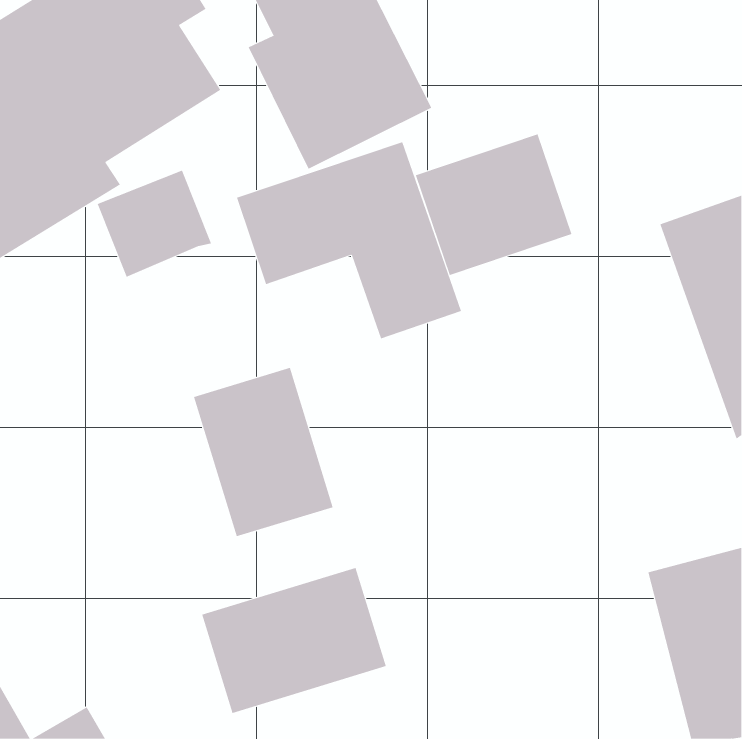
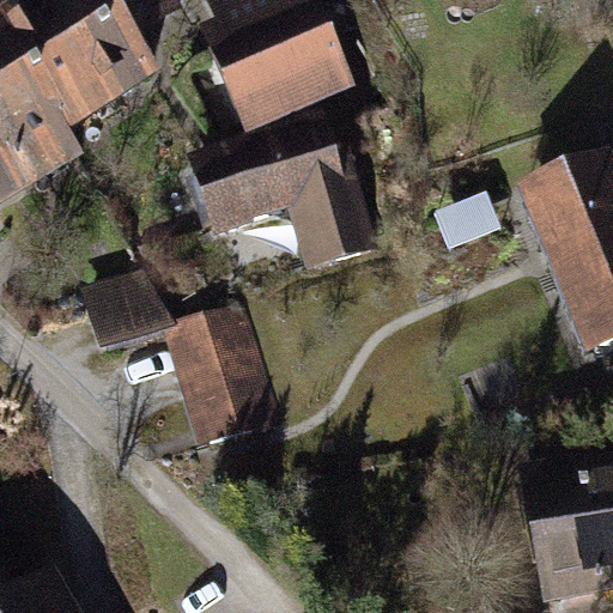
building: [415,133,572,276] -> none
building: [97,170,212,278] -> [74,260,168,347]
building: [202,567,386,714] -> none

